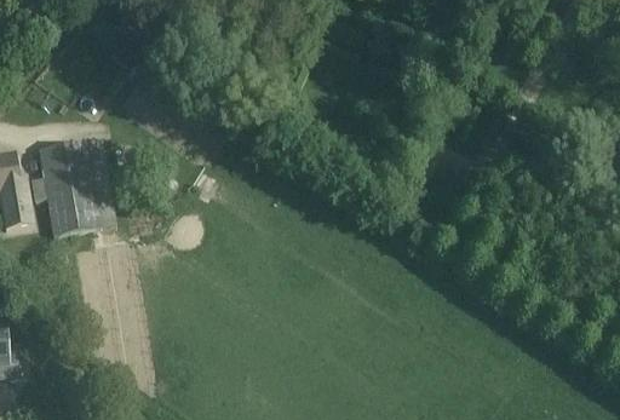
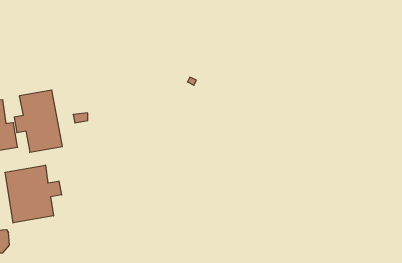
building: none -> [5,165,62,223]

